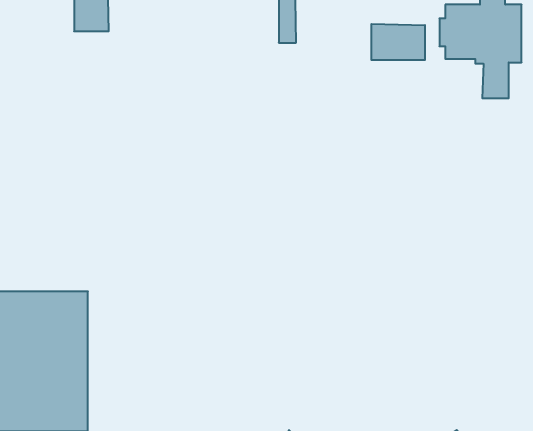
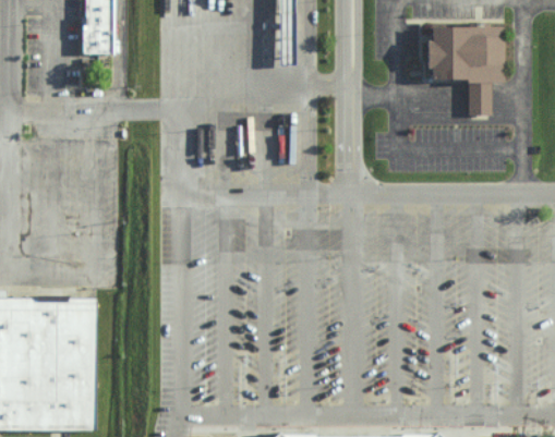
building: [371,24,425,60] -> none

